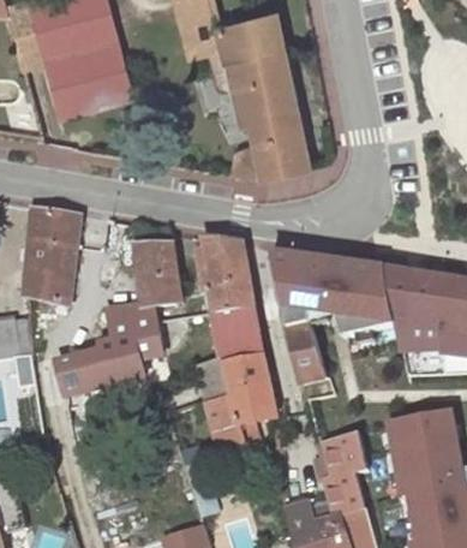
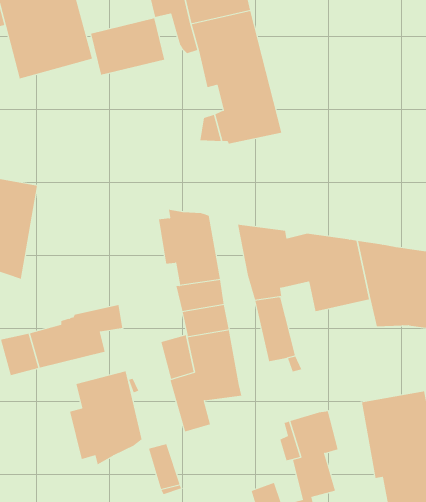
building: none -> [91,18,165,75]
building: [108,243,182,342] -> none
building: none -> [70,371,142,465]

